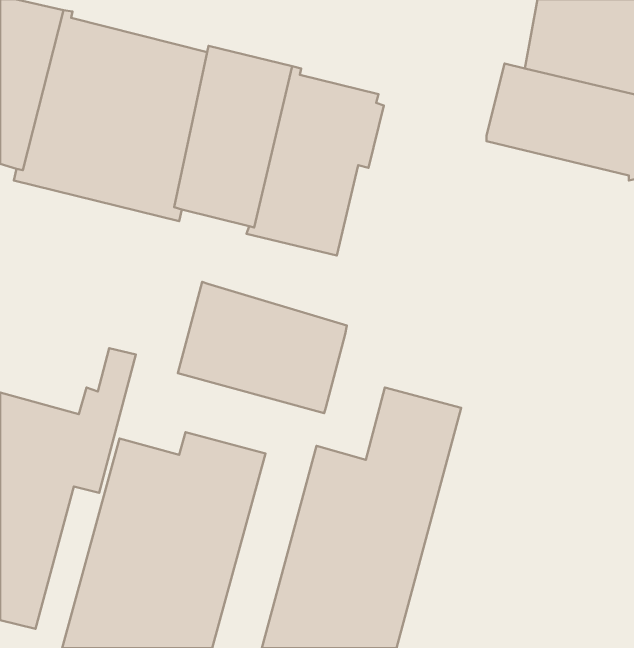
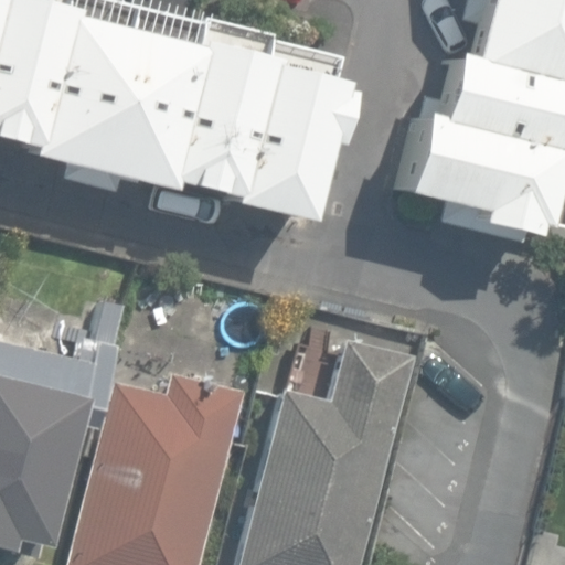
building: none -> [402,118,559,236]
building: [178,282,347,413] -> none

